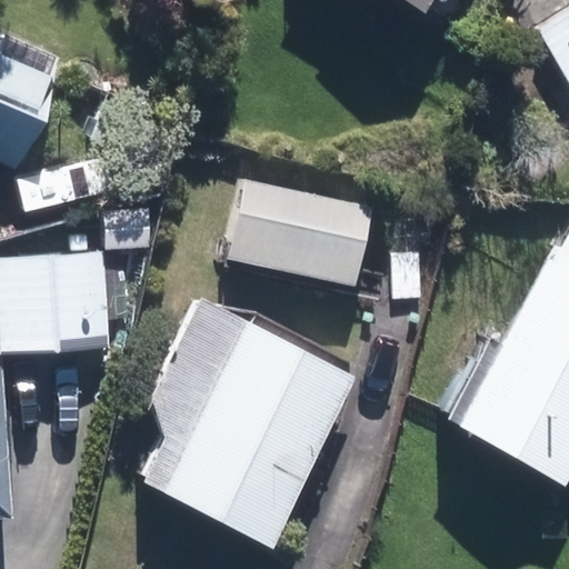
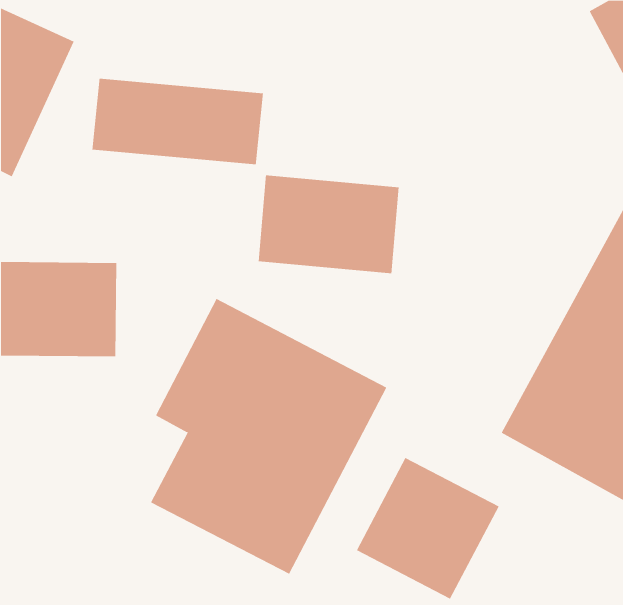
building: none -> [92,78,263,165]
building: none -> [356,457,499,600]

